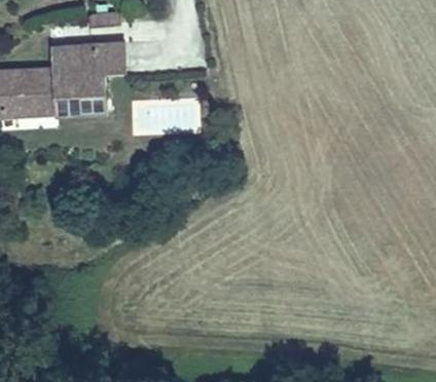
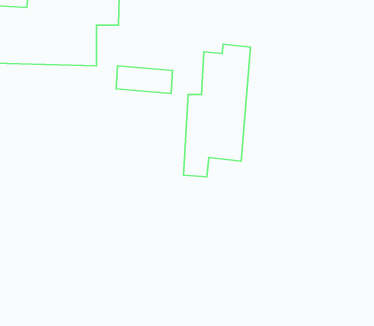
building: none -> [183,44,250,177]

